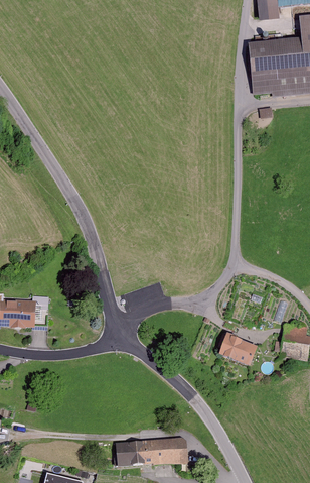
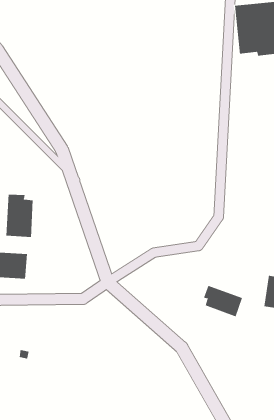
building: none -> [6,194,33,238]
building: [116,437,188,468] -> none

